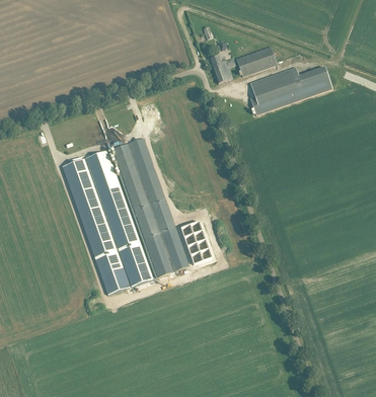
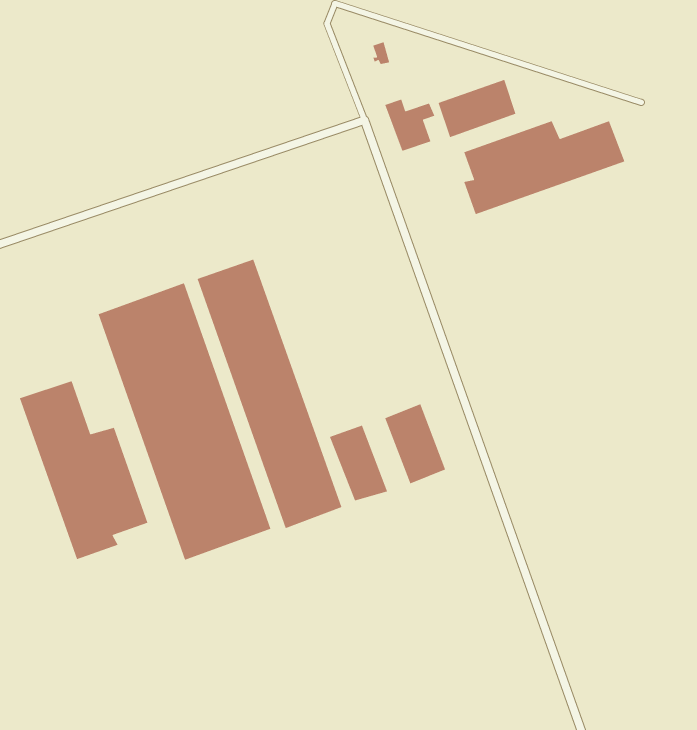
building: none -> [19,380,148,560]
building: none -> [384,403,446,485]

